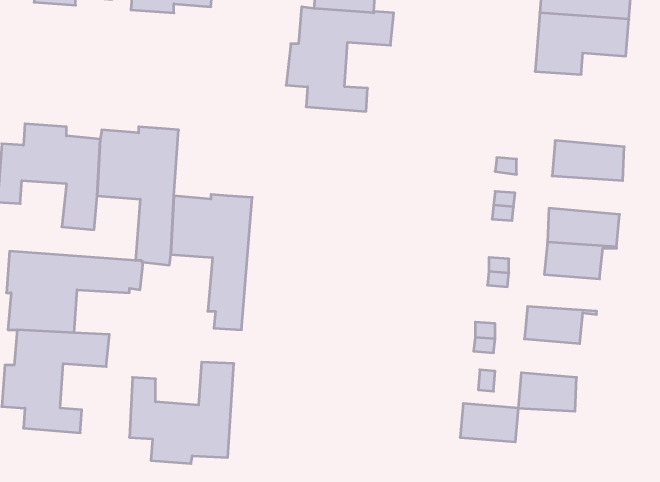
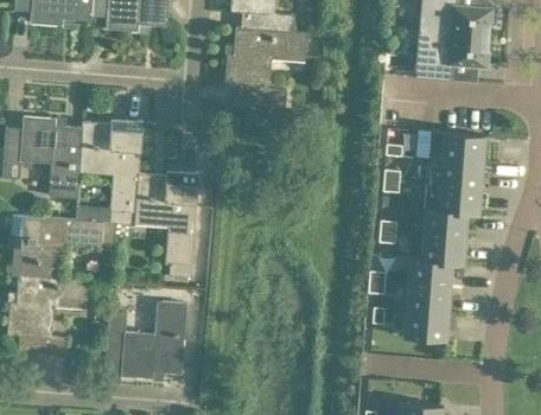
building: none -> [428,157,485,186]
building: none -> [412,232,467,261]
building: [460,404,518,442] -> [407,282,452,312]

